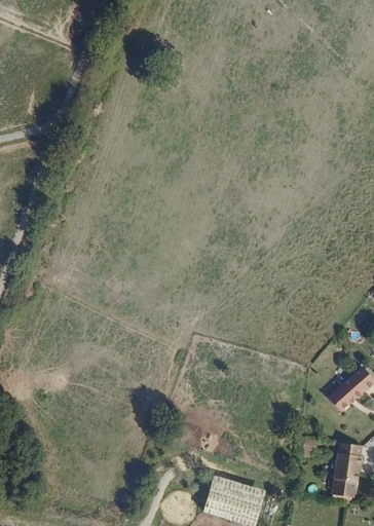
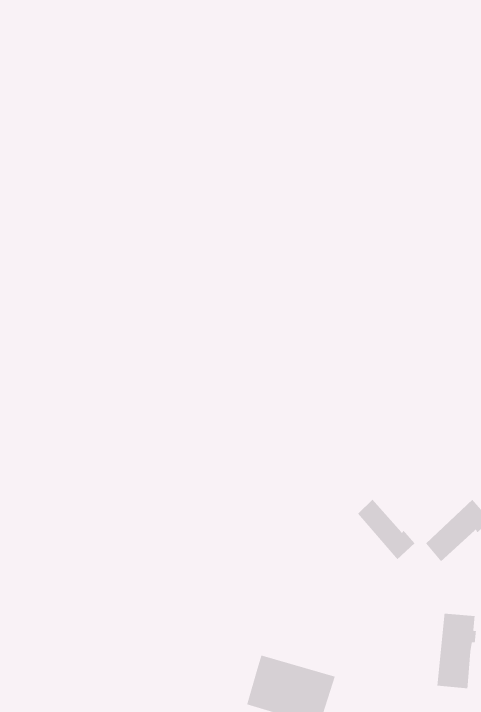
building: none -> [357,499,416,560]

